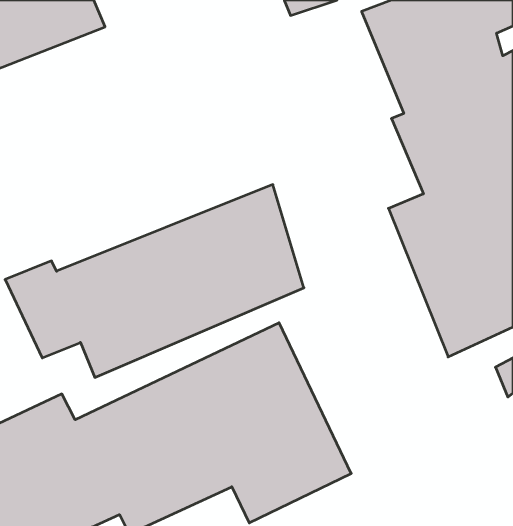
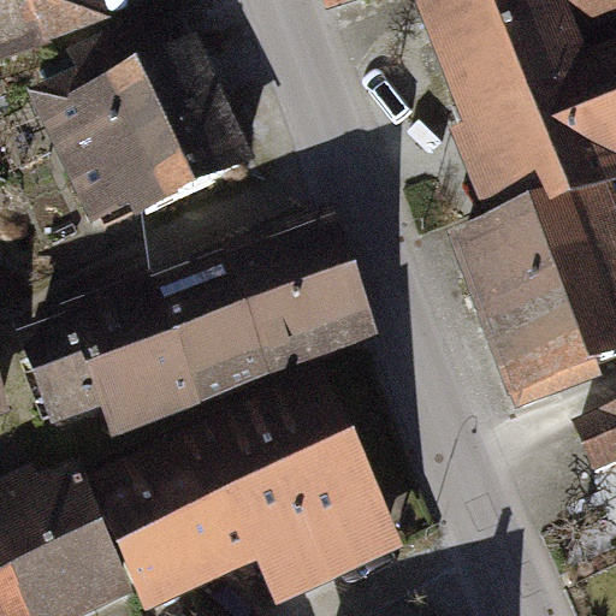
building: none -> [40,19,255,235]

